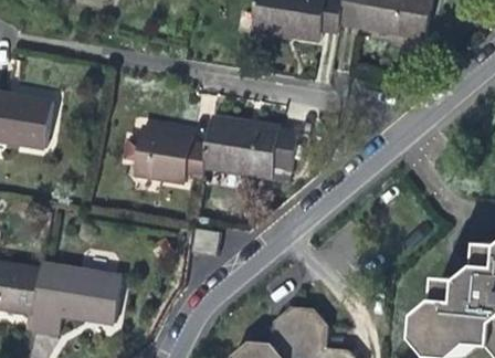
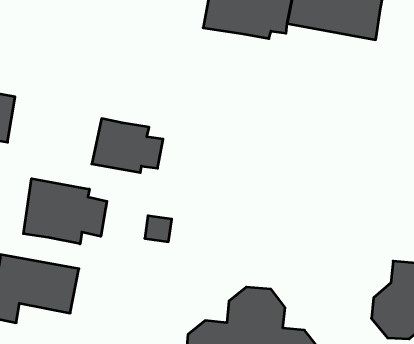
building: [203,119,296,181] -> none
building: none -> [23,179,107,244]

